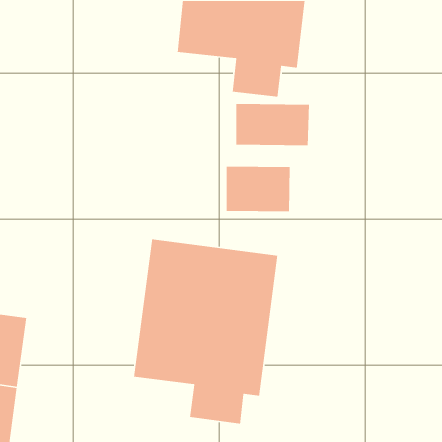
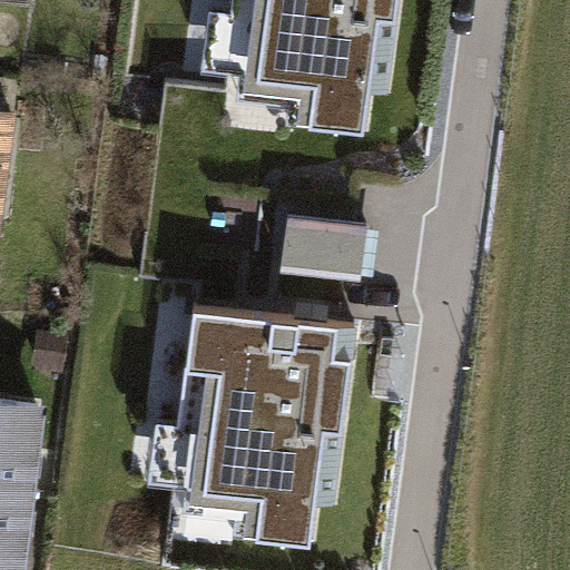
building: [235,103,310,146] -> none

